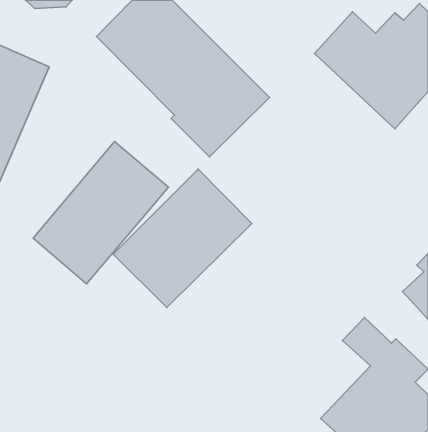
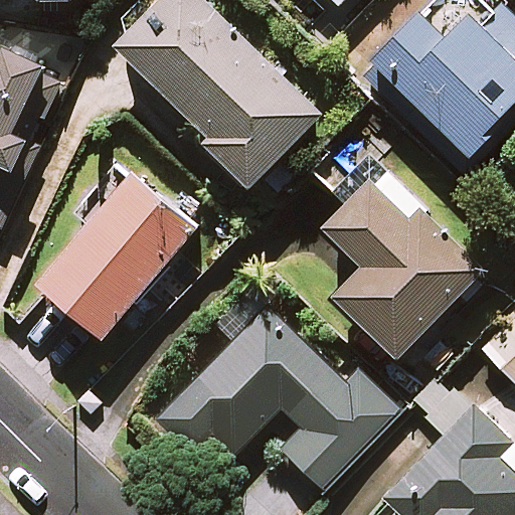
building: none -> [309,136,478,355]
building: [113,169,252,307] -> none
building: none -> [160,306,398,489]

